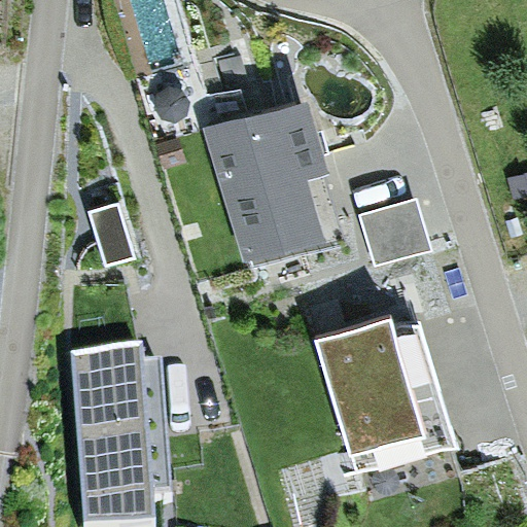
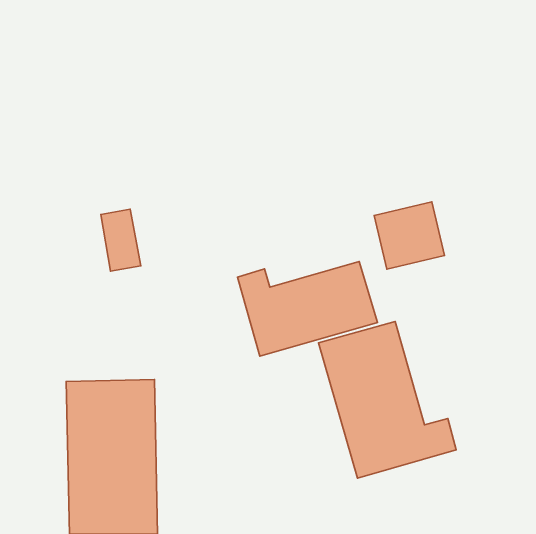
building: [196,90,337,261] -> none
building: none -> [237,262,378,356]

